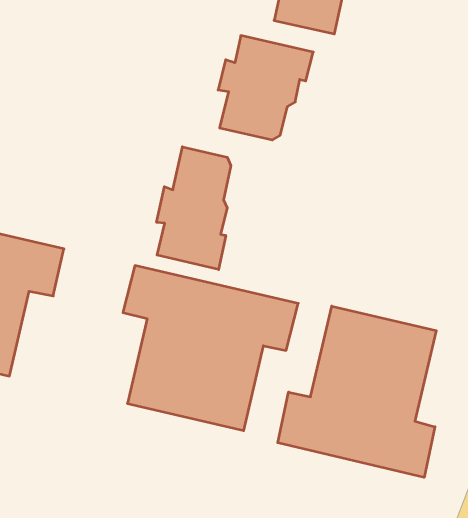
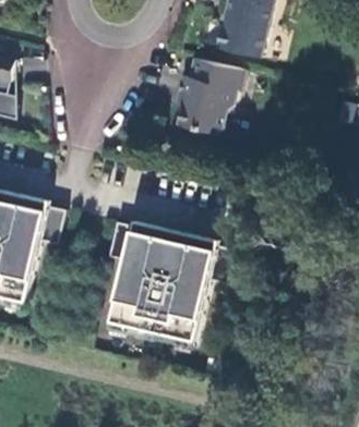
building: [157,147,231,270] -> none
building: [278,306,436,477] -> none

